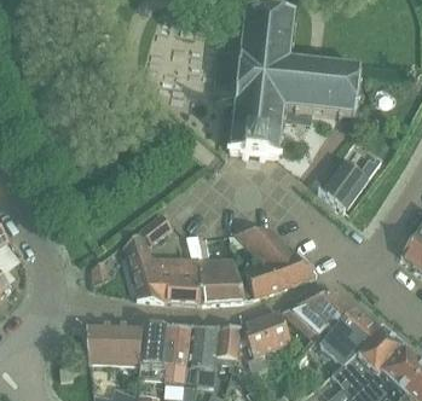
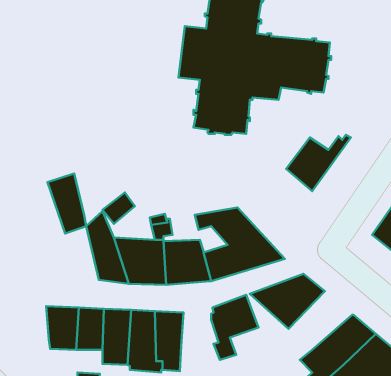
building: none -> [48,174,86,233]
building: [319,307,381,364] -> none
building: [215,325,239,361] -> none

